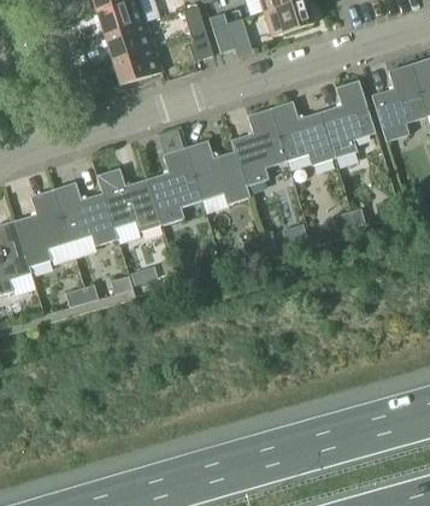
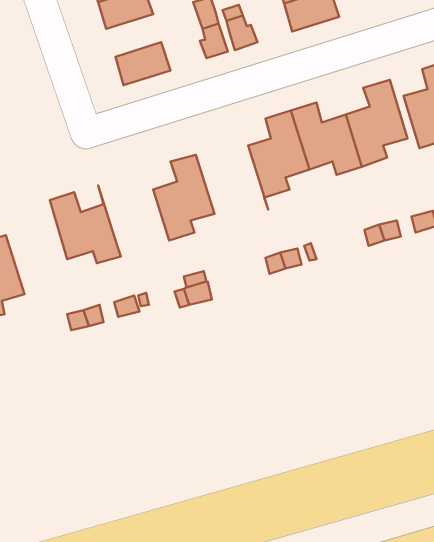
building: [104,22,153,60] -> none
building: [184,140,249,205] -> none
building: [96,169,160,233] -> none
building: [13,189,69,273] -> none

